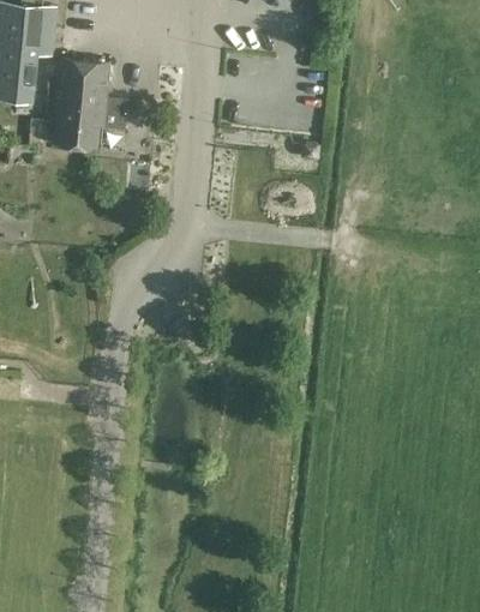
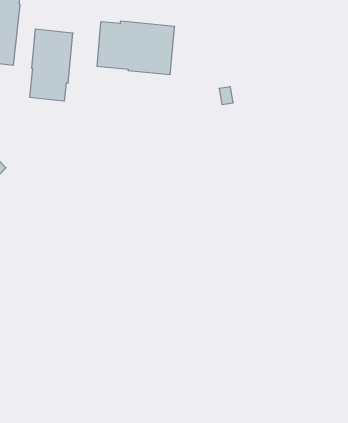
building: none -> [97,21,174,75]

